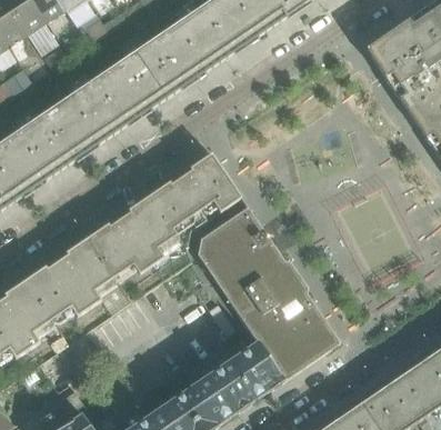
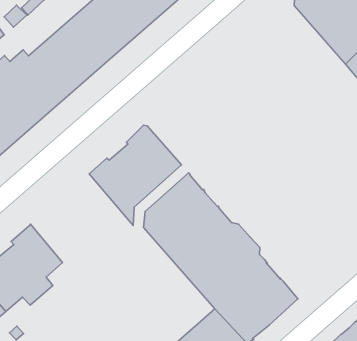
building: [86,194,190,331] -> none

